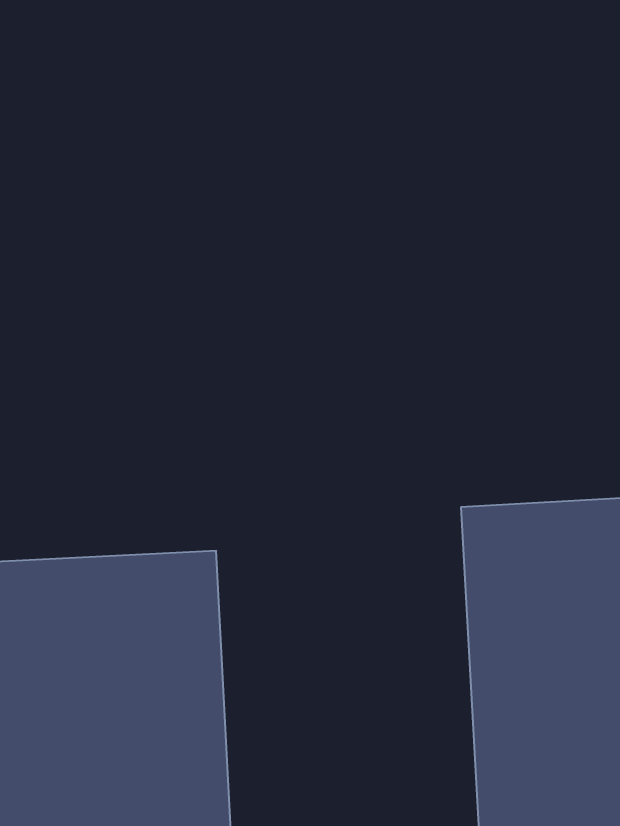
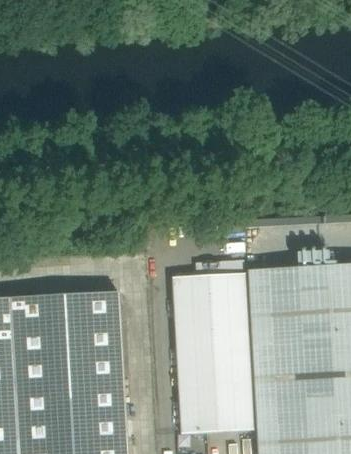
building: none -> [173,272,254,432]

